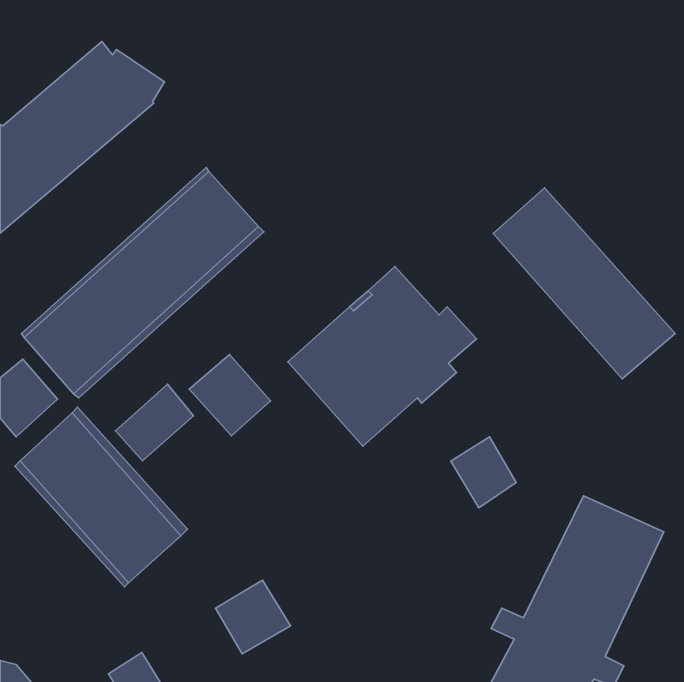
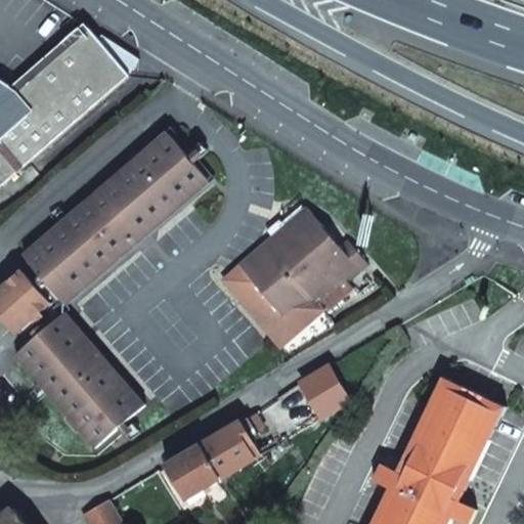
building: [493,188,675,379] -> none
building: [189,355,271,436] -> none
building: [116,384,193,461] -> none
building: [451,437,516,508] -> [298,368,348,423]
building: none -> [201,418,258,480]

